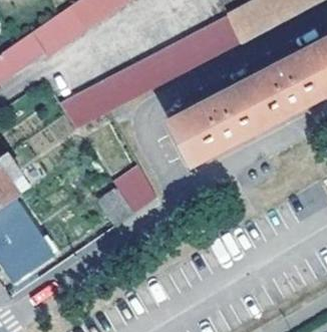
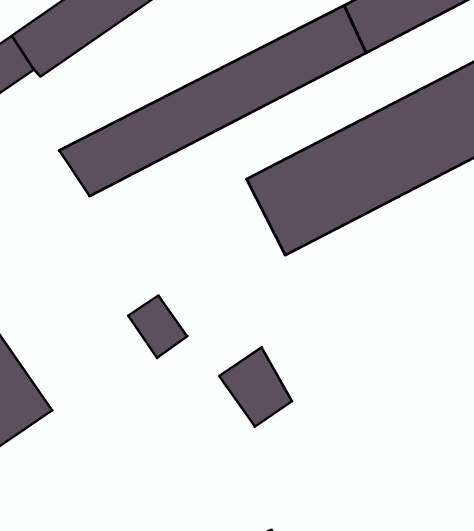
building: [113,164,156,212] -> [219,347,292,427]

